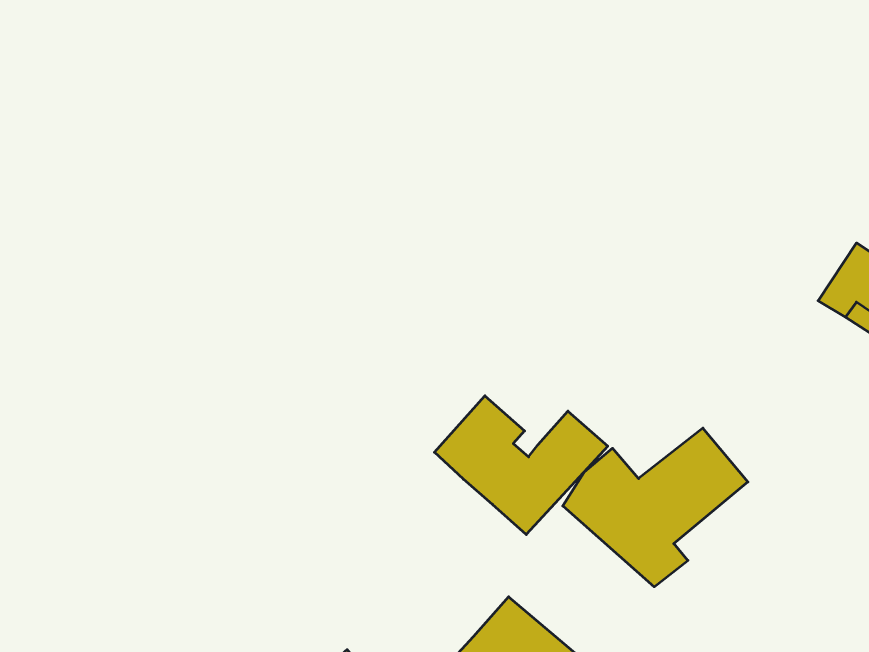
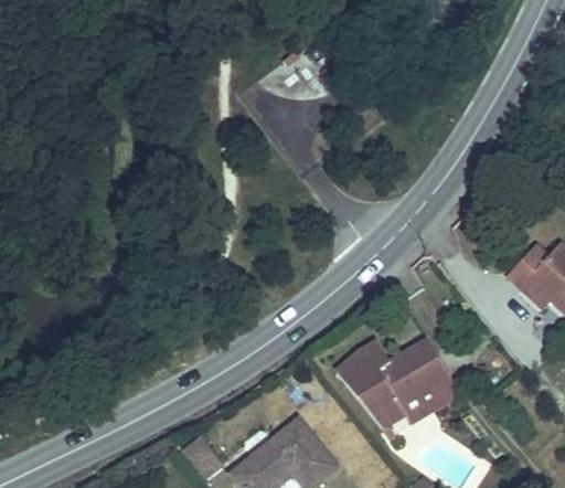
building: [434,396,608,535] -> none
building: none -> [399,374,460,422]

